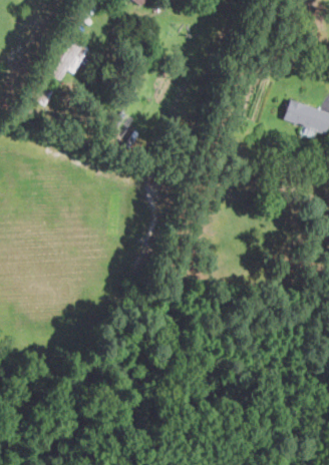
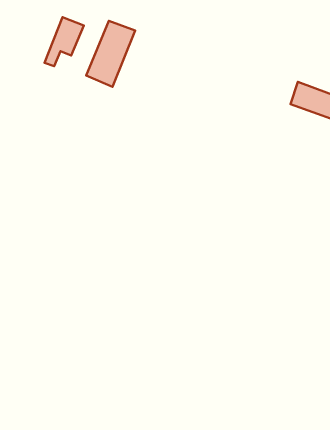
building: none -> [86,21,135,87]

